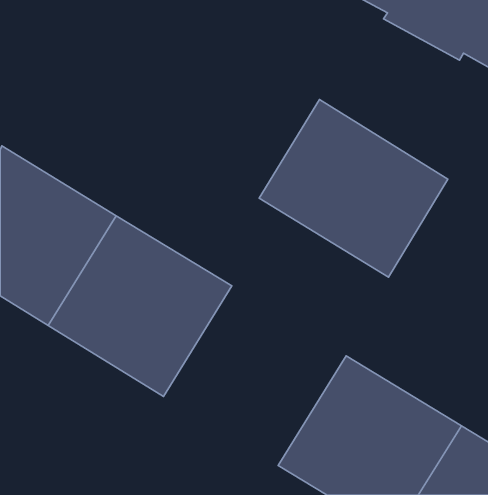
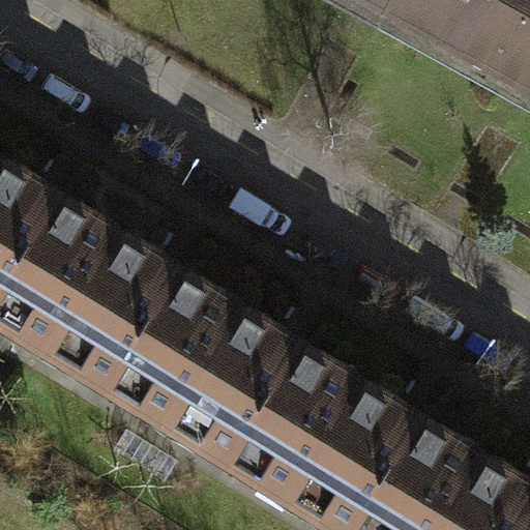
building: [259,100,448,277] -> none
building: none -> [188,300,380,489]

